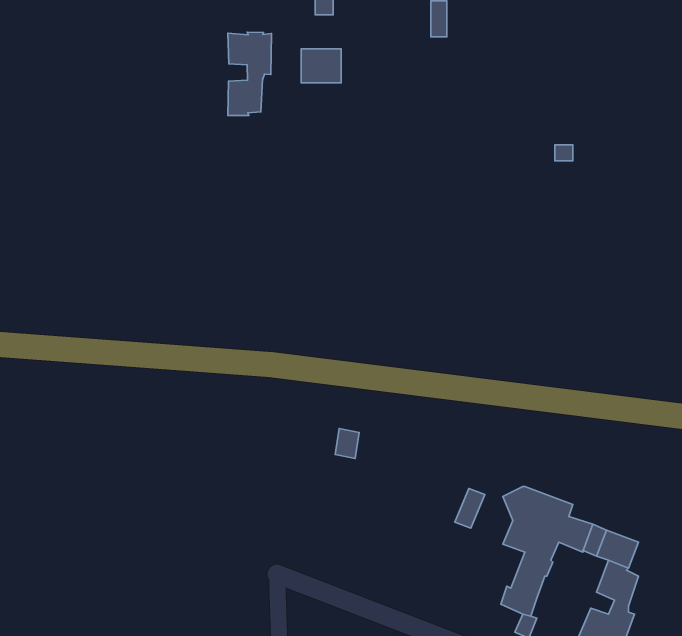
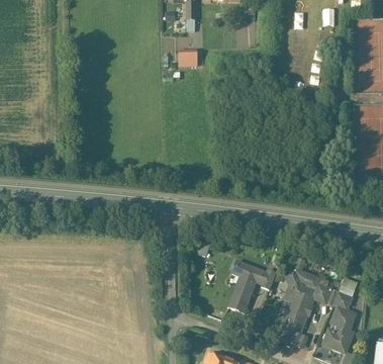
building: [228,32,272,116] -> none
building: none -> [227,261,263,312]

